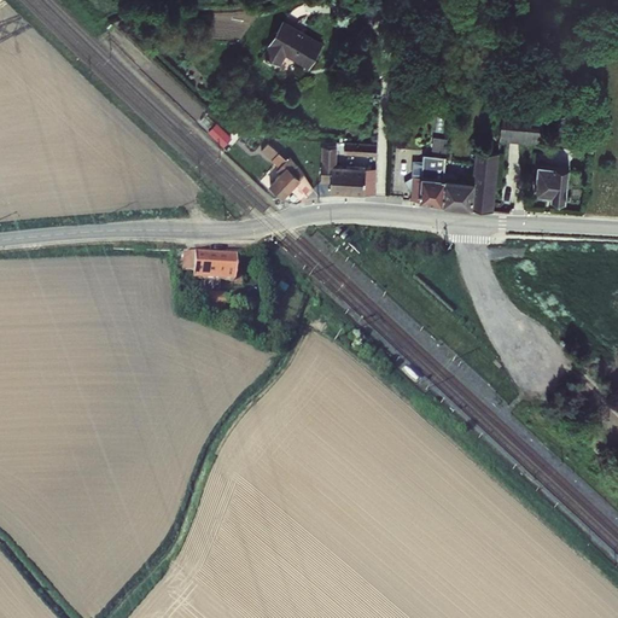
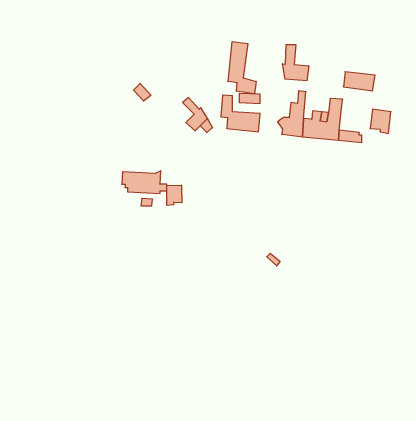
building: [269,16,325,59] -> none
building: none -> [228,42,256,94]
building: none -> [283,45,309,81]
building: none -> [167,185,182,205]

